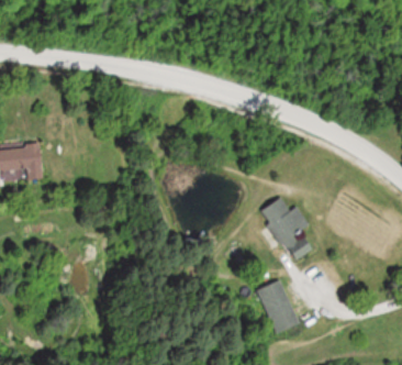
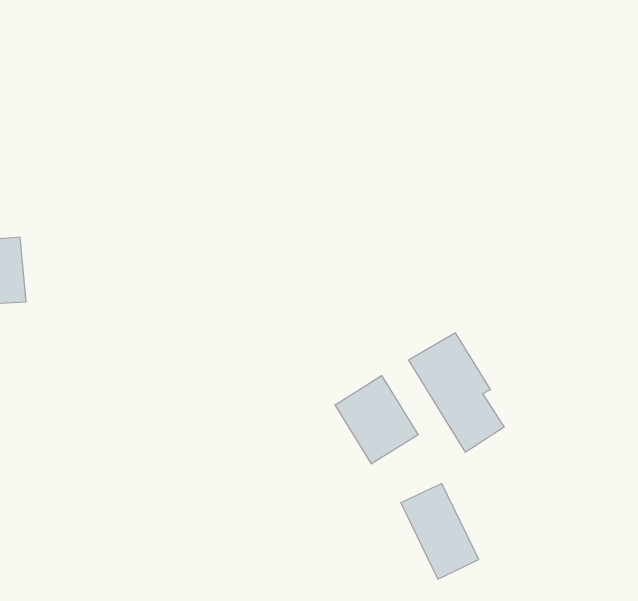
building: none -> [335,376,418,464]

